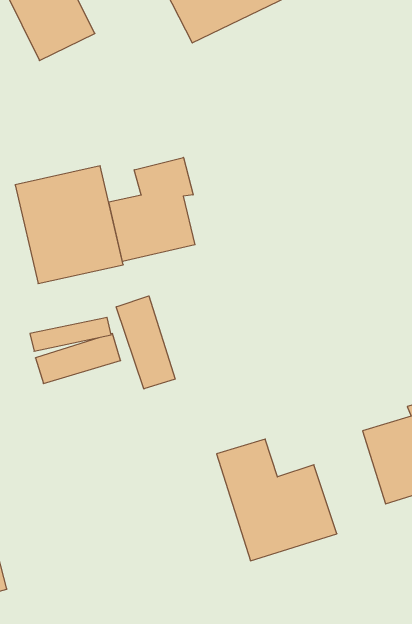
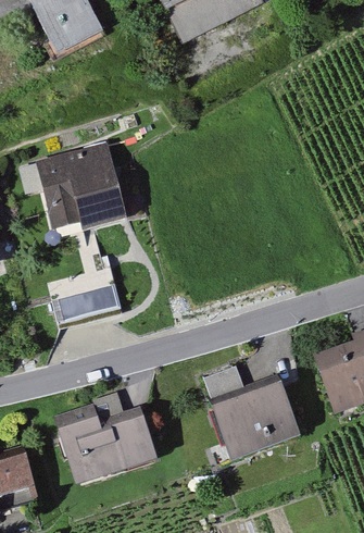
building: [109,157,195,262] -> none
building: [116,296,175,389] -> none
building: none -> [57,412,155,483]

